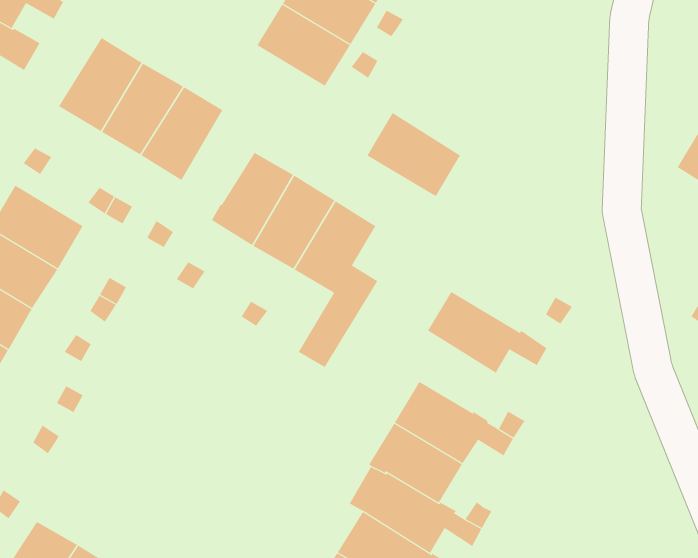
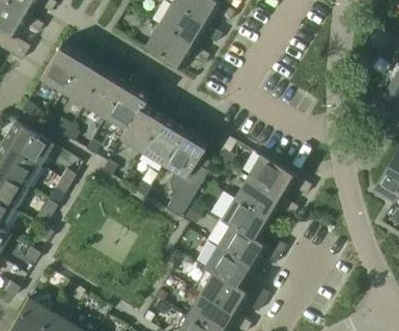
building: none -> [105,81,149,131]
building: [367,112,461,197] -> [247,154,296,198]
building: none -> [221,197,270,241]

